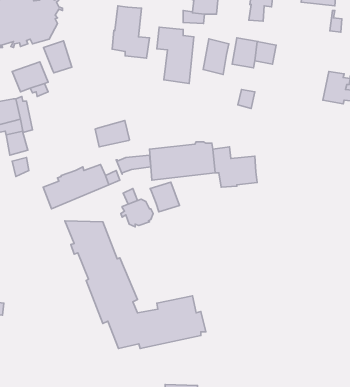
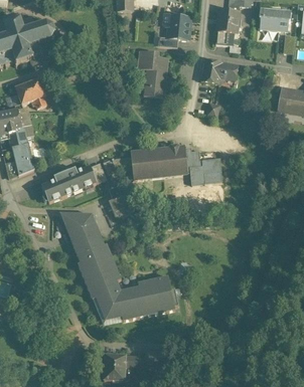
building: [112,6,149,58] -> none
building: [203,39,229,75] -> none
building: [44,41,72,73] -> none
building: [95,120,130,147] -> none
building: [150,182,180,212] -> none

